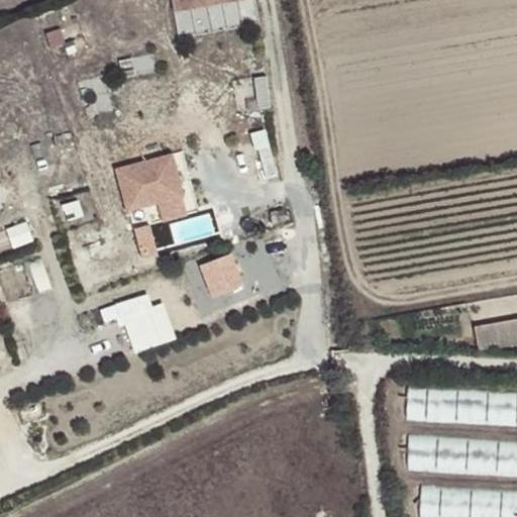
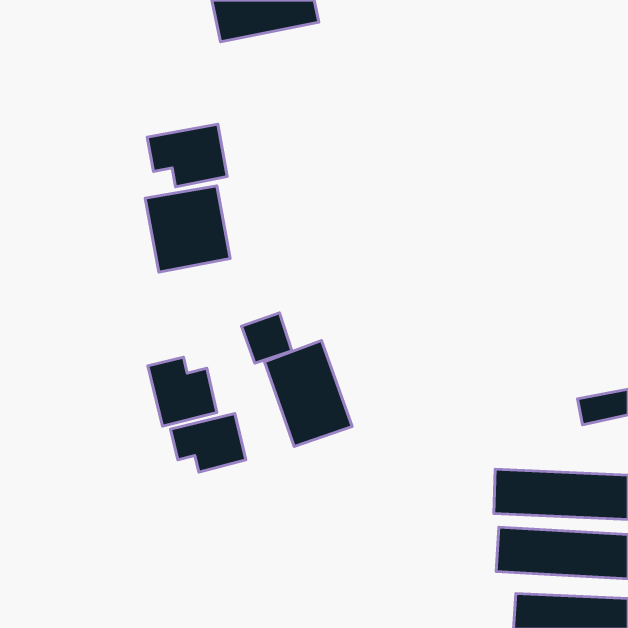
building: none -> [147,124,227,187]
building: none -> [264,341,352,446]
building: none -> [170,414,246,472]

